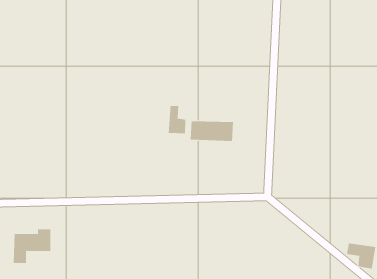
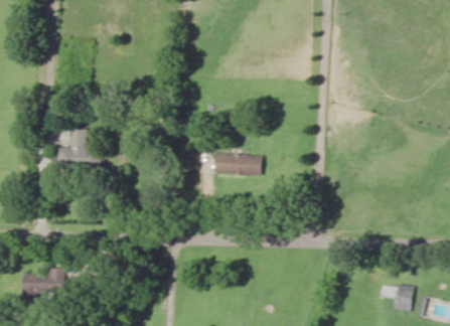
building: none -> [58,129,103,169]
building: [168,105,186,134] -> none

